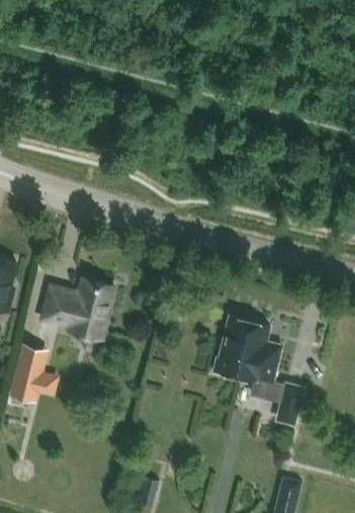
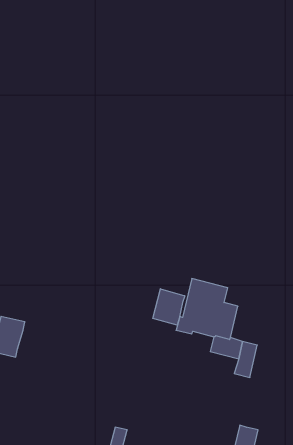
building: [43,279,112,332] -> none
building: none -> [153,289,185,325]

